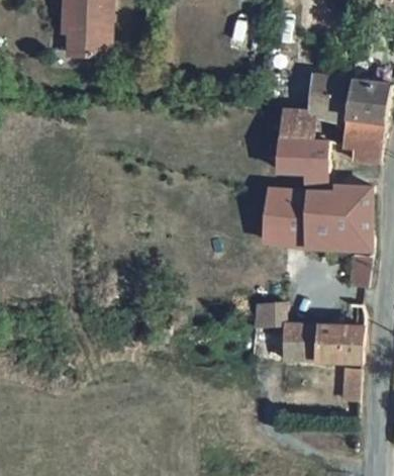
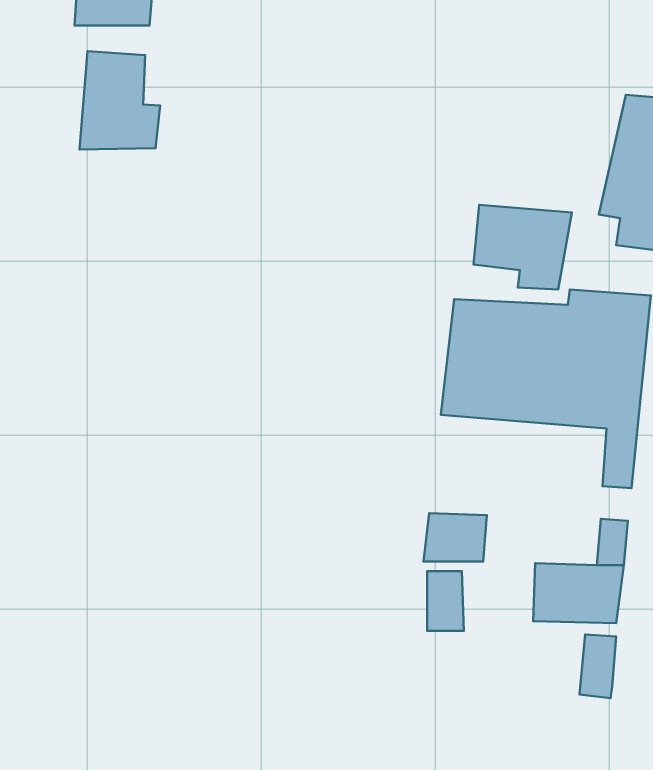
building: none -> [80,51,160,150]
building: [284,81,361,148] -> none
building: [285,329,313,361] -> none

